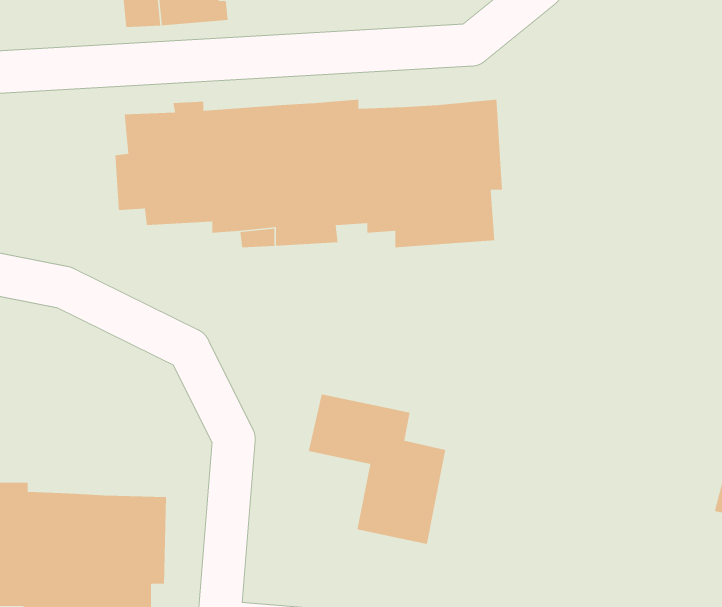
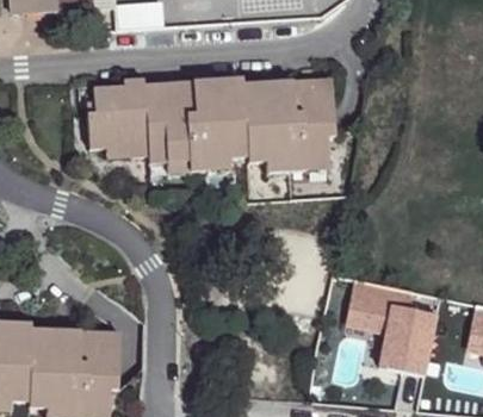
building: [308,394,446,545] -> [347,276,435,373]

